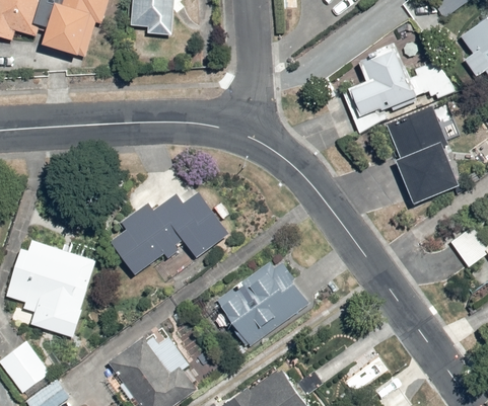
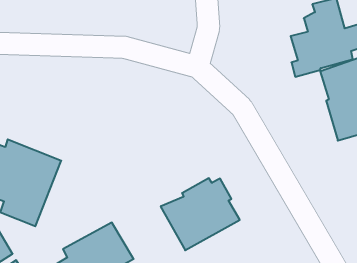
building: [110,186,230,273] -> none

